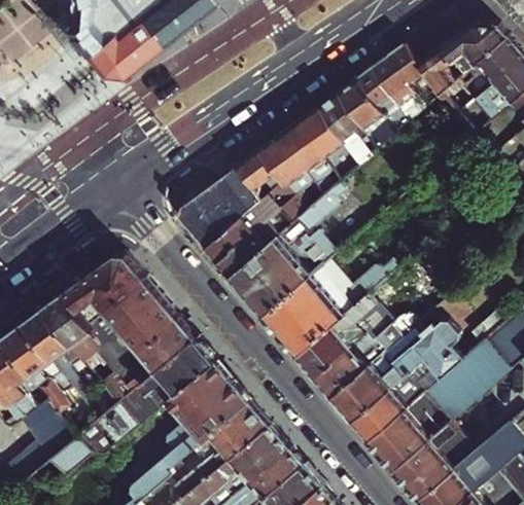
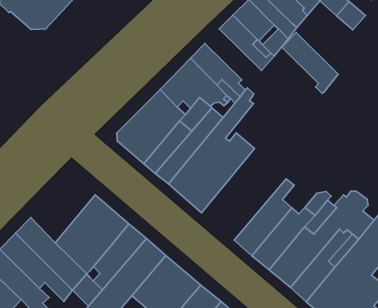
building: [298,108,358,184] -> [282,32,338,94]
building: [62,256,141,326] -> none
building: [261,260,397,357] -> none

